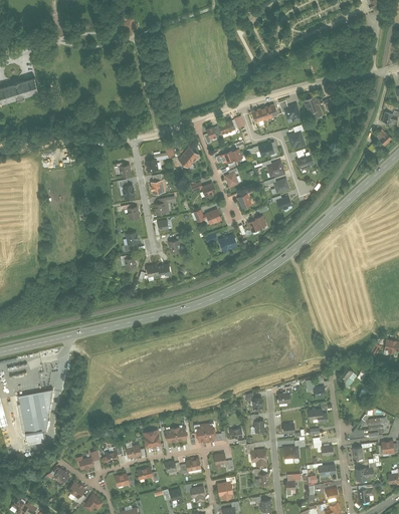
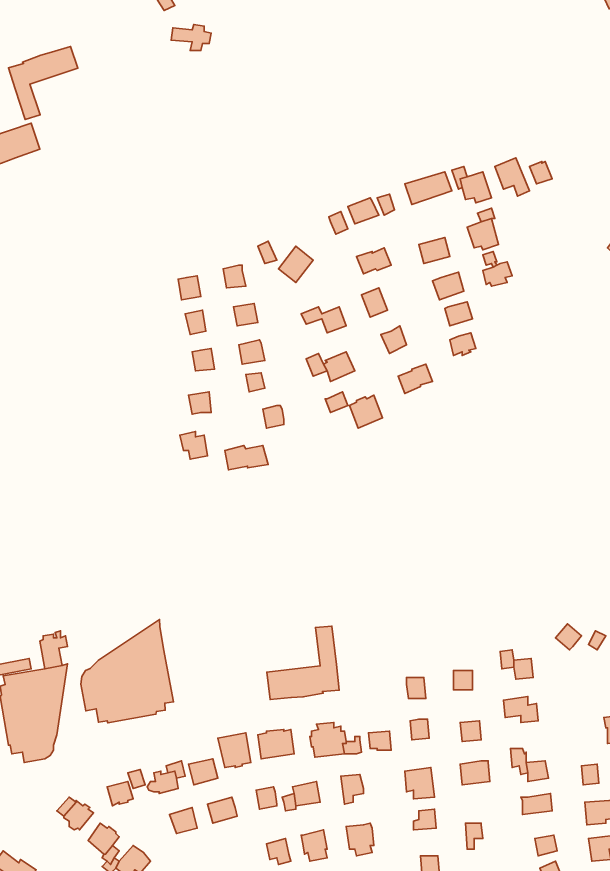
building: none -> [9,46,78,119]
building: none -> [81,620,173,723]
building: none -> [267,626,339,699]

